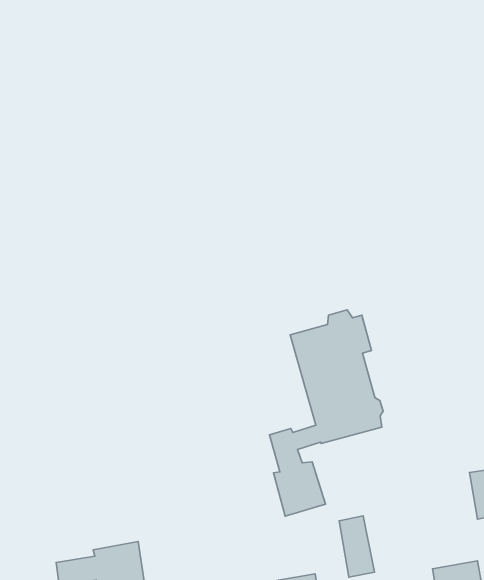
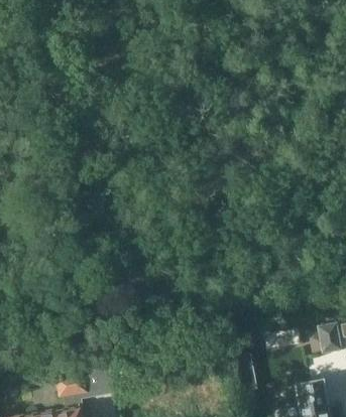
building: [269,310,383,516] -> none

